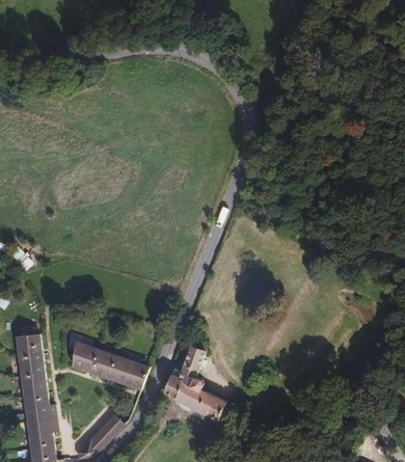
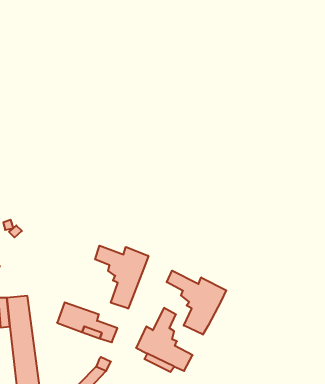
building: none -> [95,246,148,309]
building: none -> [167,271,226,335]

